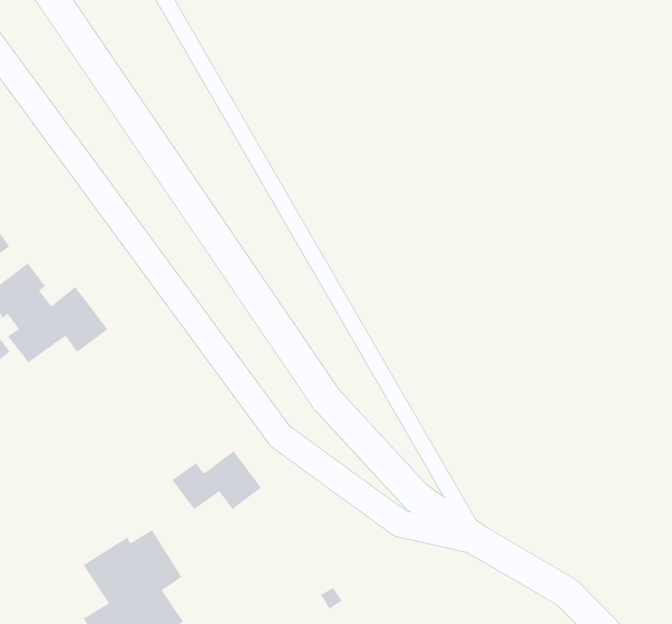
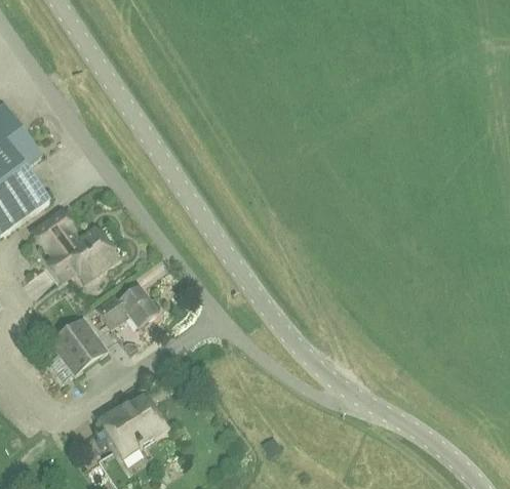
building: none -> [49,317,107,374]
building: [171,451,262,510] -> [95,286,158,327]

